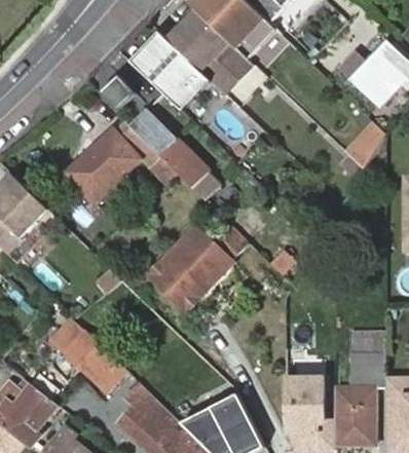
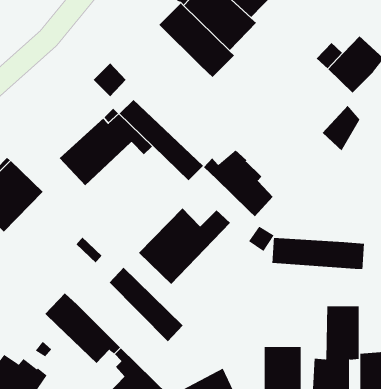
building: [132,25,215,106] -> none
building: none -> [203,149,274,217]
building: none -> [272,237,365,270]
building: none -> [109,267,184,342]

